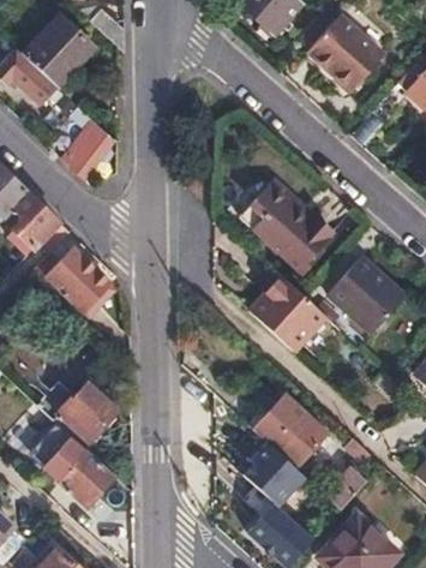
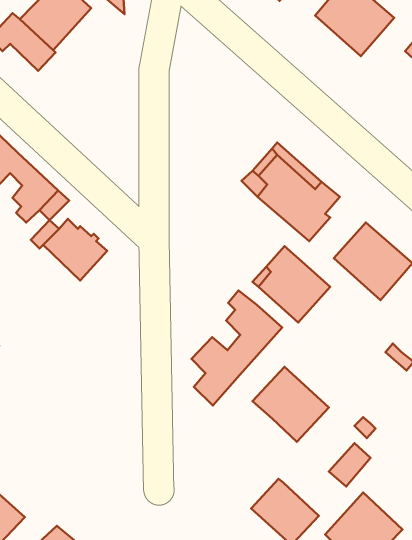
building: [62,121,115,175] -> none
building: none -> [192,291,282,405]
building: [41,381,115,443] -> none
building: [32,424,114,507] -> none
building: [245,444,304,507] -> none

